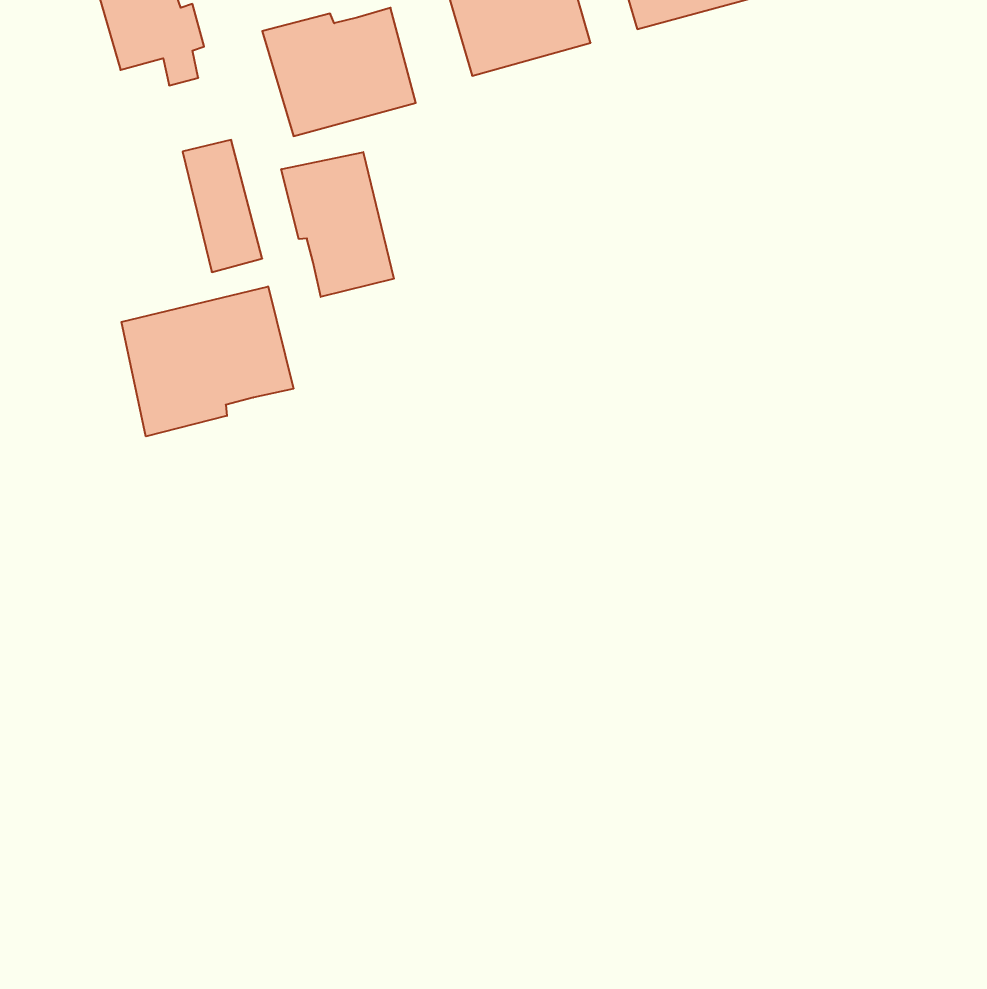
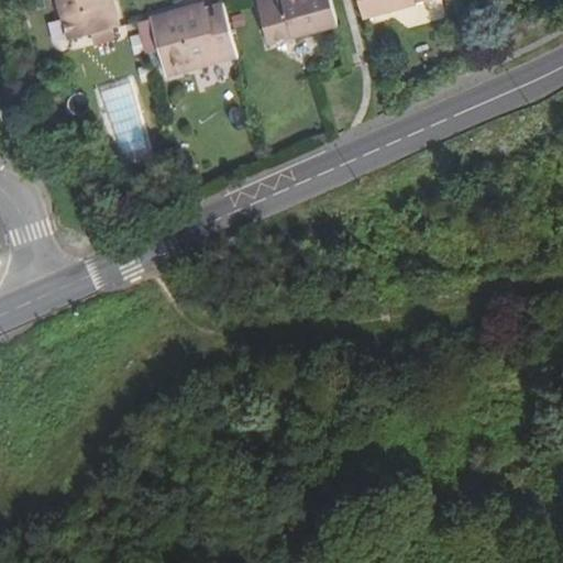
building: [281,152,394,297] -> none
building: [121,286,293,436] -> none

